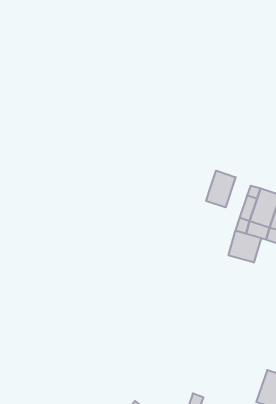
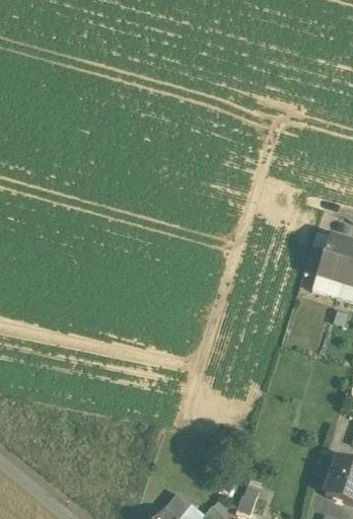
building: [206,171,236,207] -> none
building: [229,230,261,263] -> none

